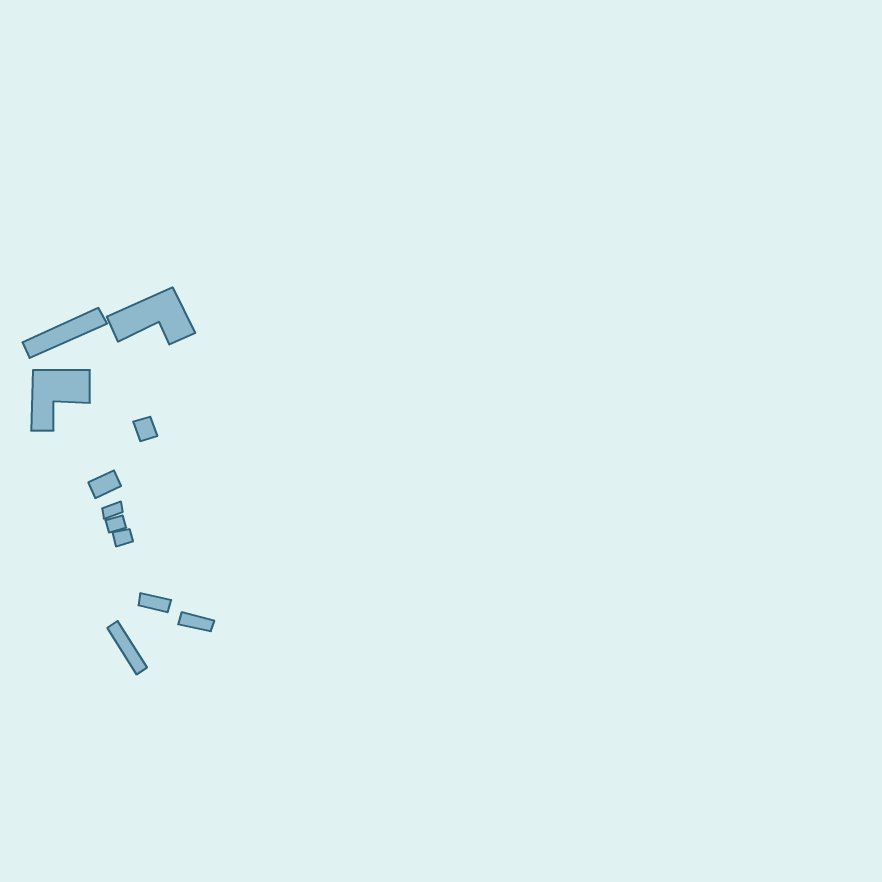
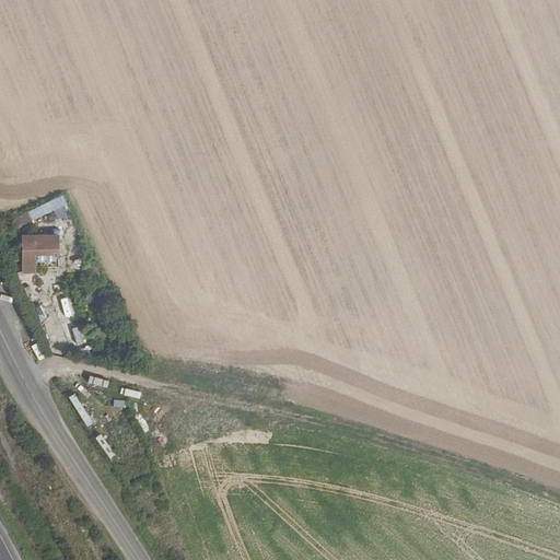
building: [107,287,195,345] -> none

